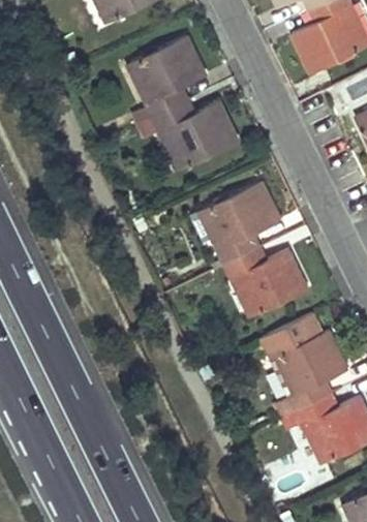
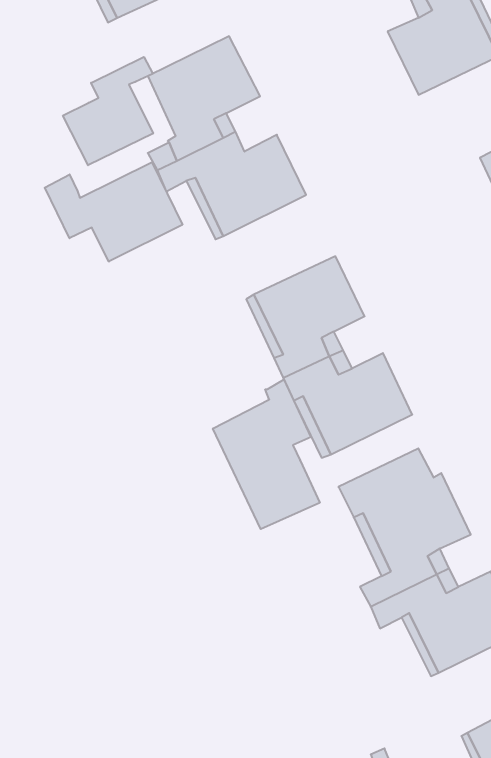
building: none -> [63,57,153,165]
building: none -> [45,162,182,262]
building: none -> [213,380,320,529]

